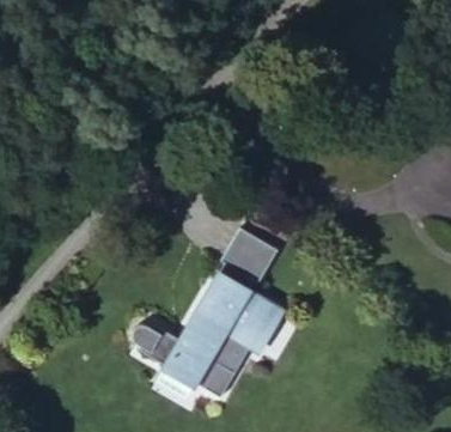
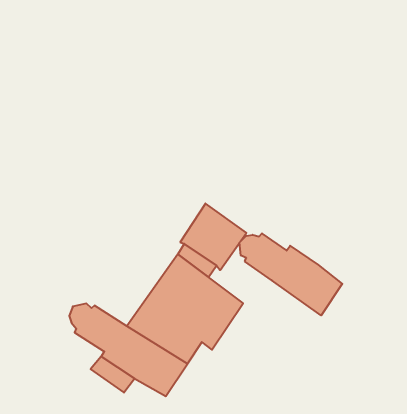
building: none -> [239,233,342,315]

